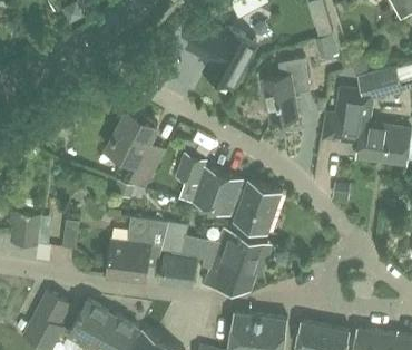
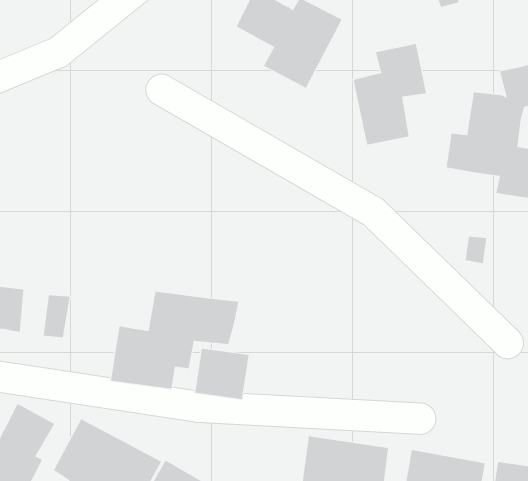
building: [107,111,165,185] -> none
building: [175,153,282,233] -> none
building: [182,231,267,290] -> none

